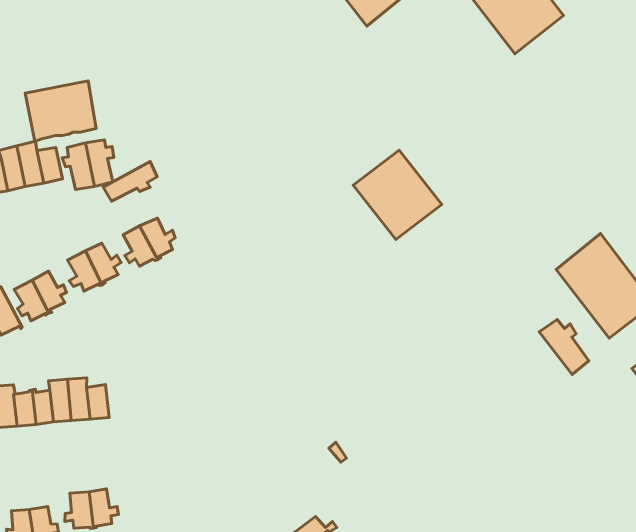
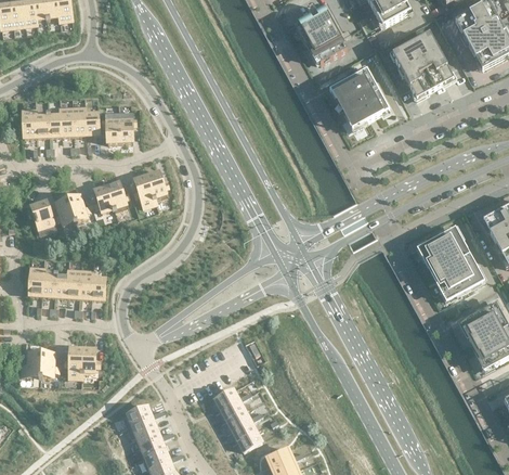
building: [25,81,96,141] -> none
building: [353,150,442,239] -> [330,67,388,127]
building: [103,162,157,201] -> none
building: [539,319,589,375] -> none

